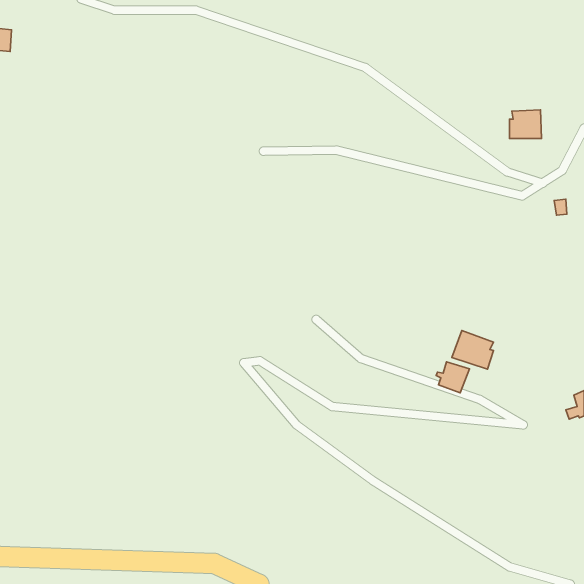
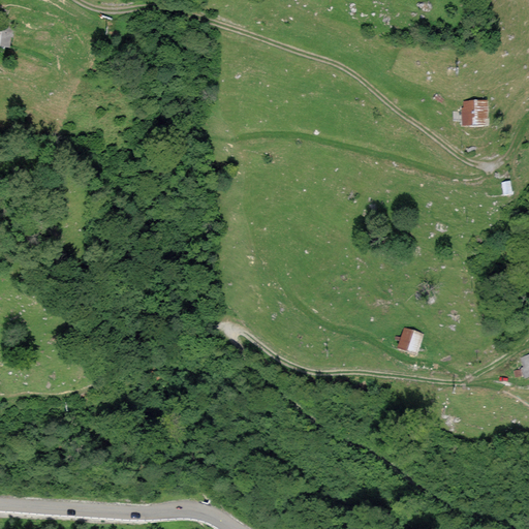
building: [452,331,494,369] -> none

